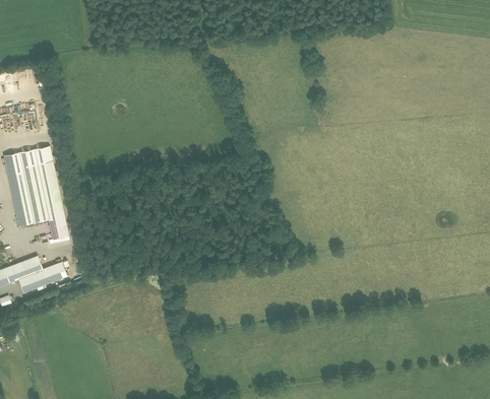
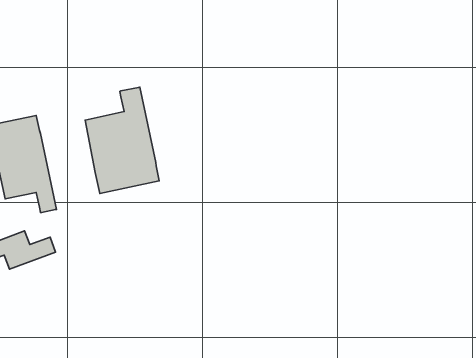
building: none -> [85,87,159,194]

